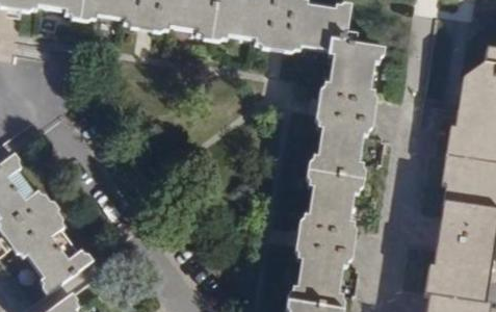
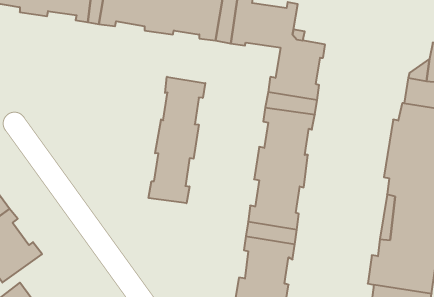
building: none -> [149,77,205,203]

